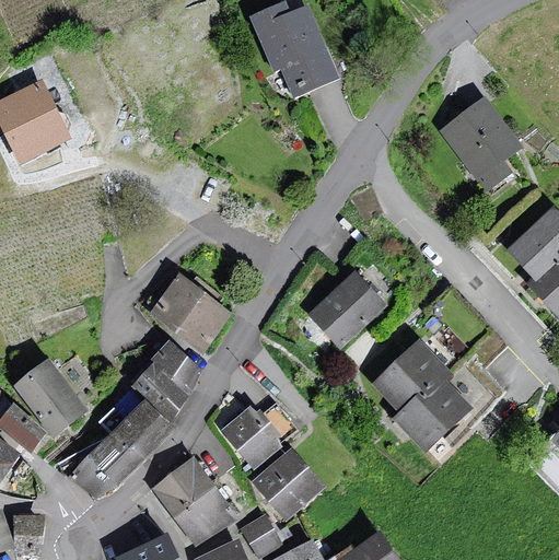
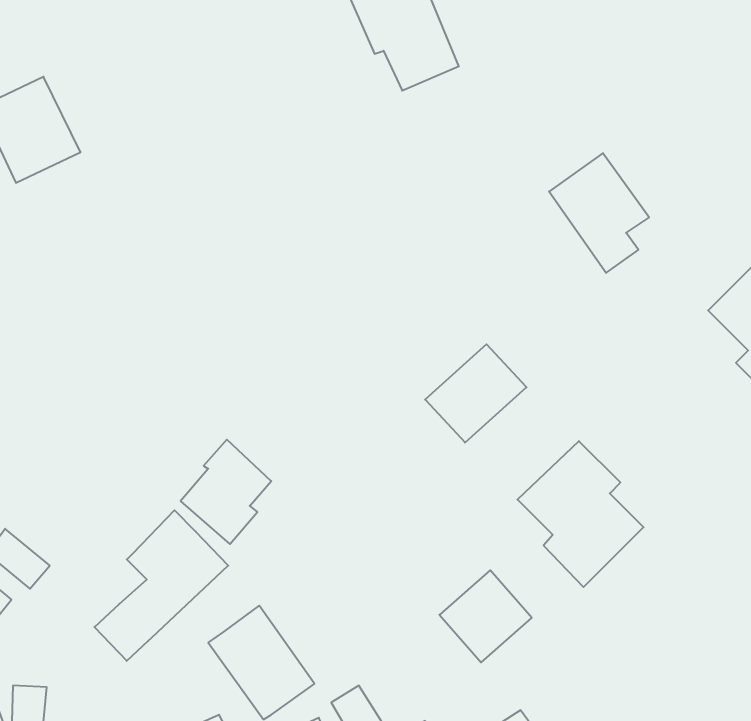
building: [444,101,515,186] -> [549,153,649,273]
building: [152,276,226,348] -> none
building: [16,362,80,430] -> none
building: [223,408,279,465] -> none
building: [254,450,319,515] -> [439,570,532,662]

